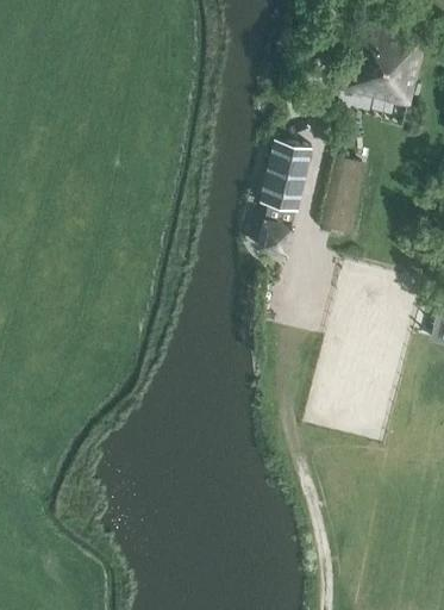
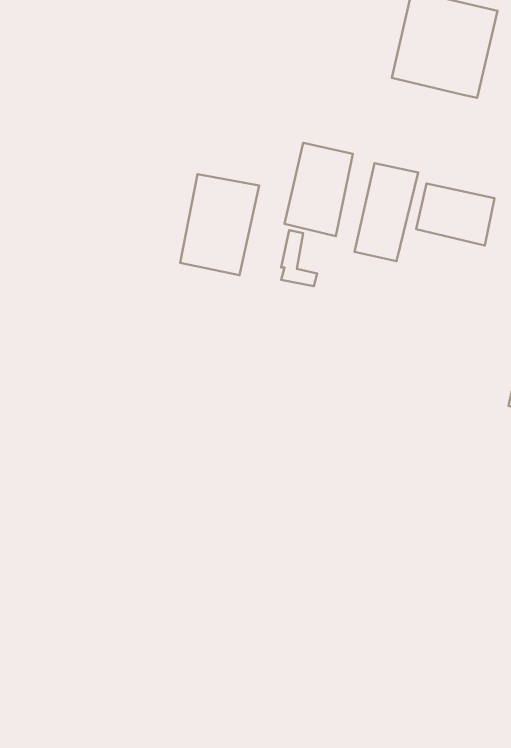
building: none -> [180,174,259,275]
building: none -> [416,184,494,246]

